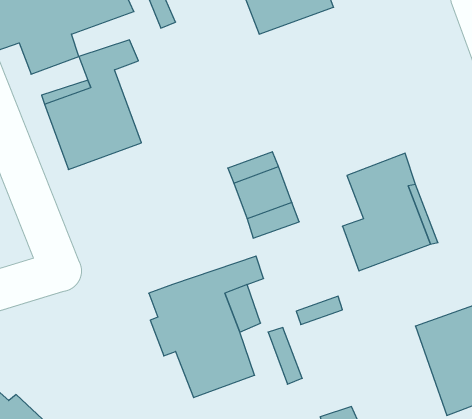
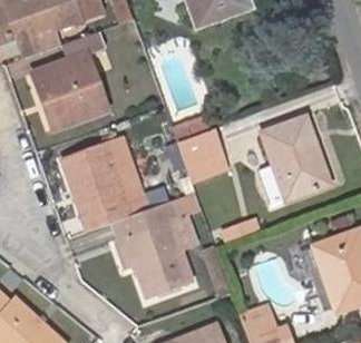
building: none -> [64,138,142,229]

